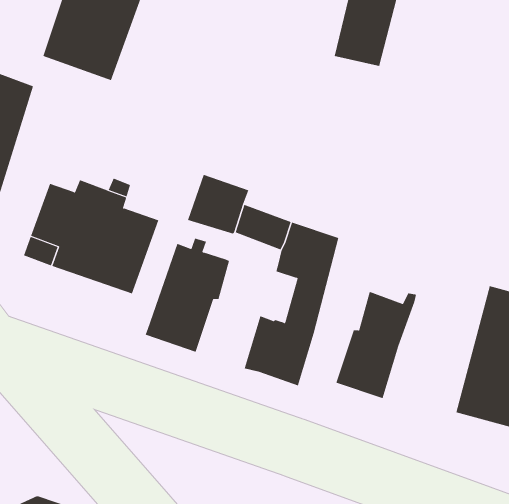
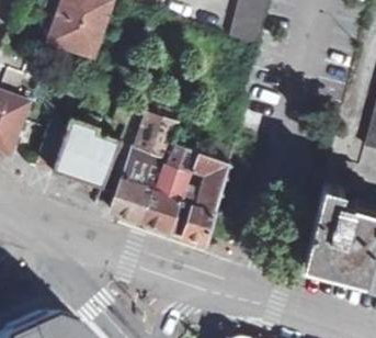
building: [336,291,417,399] -> [145,166,195,233]

